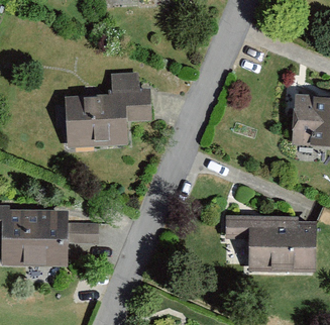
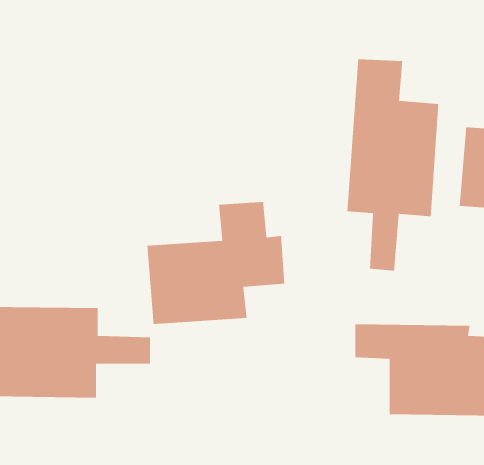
building: none -> [346,58,439,271]
building: [65,70,150,146] -> [146,201,285,325]

